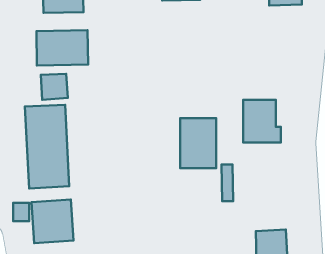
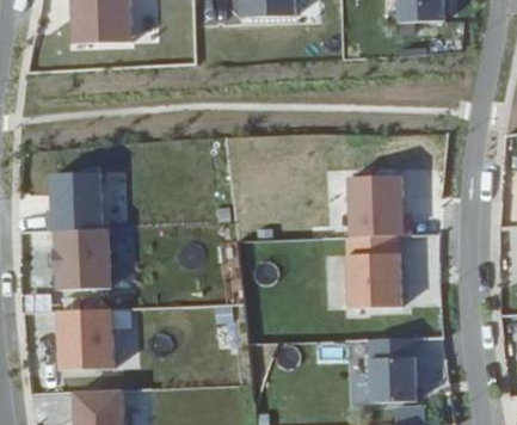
building: [36,30,88,66] -> none
building: [41,74,68,100] -> none
building: [180,118,216,168] -> [347,229,399,301]

